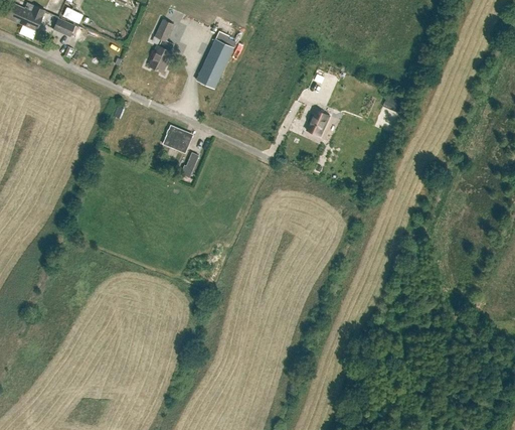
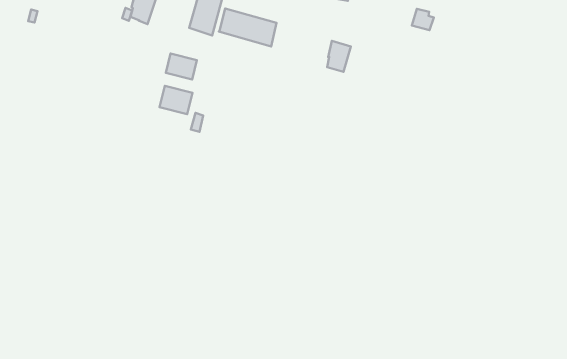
building: none -> [219,9,277,46]
building: none -> [166,53,197,79]

